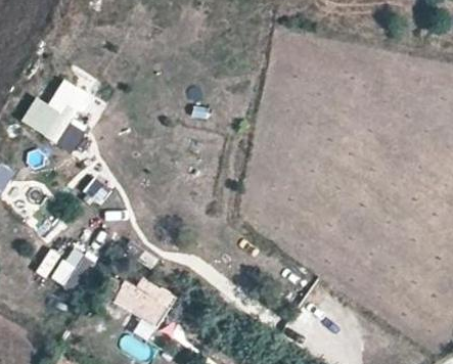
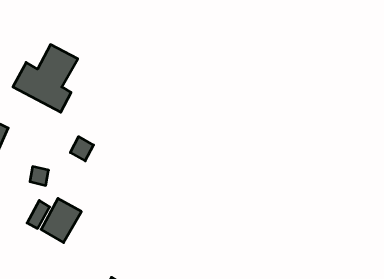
building: [114,280,168,326] -> none

